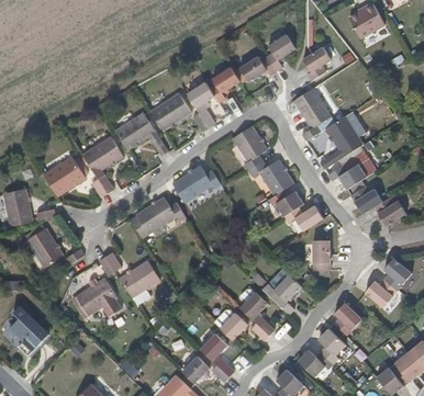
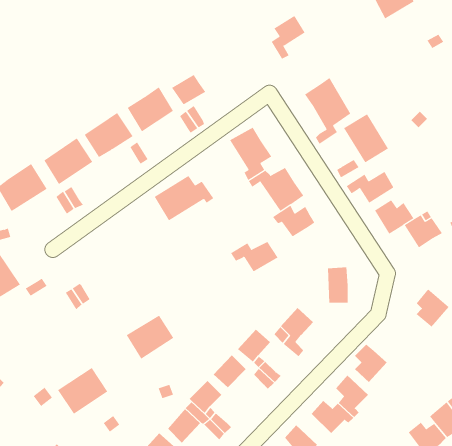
building: [302,46,331,80] -> none
building: [238,57,275,83] -> none
building: [208,67,238,103] -> none
building: [134,197,183,235] -> none
building: [283,206,323,231] -> [230,241,279,272]
building: [118,261,157,297] -> [126,315,174,359]
building: [74,279,115,317] -> [57,367,108,414]
building: [365,279,398,306] -> none

